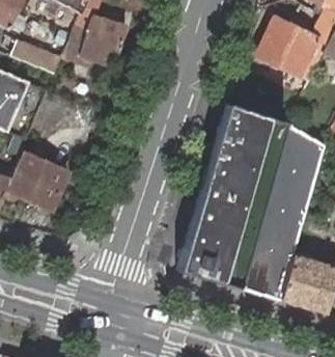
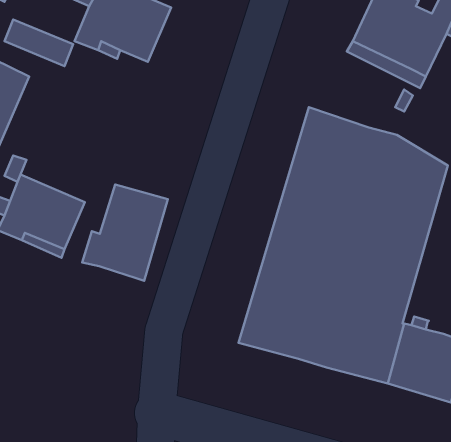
building: none -> [82,184,168,281]

